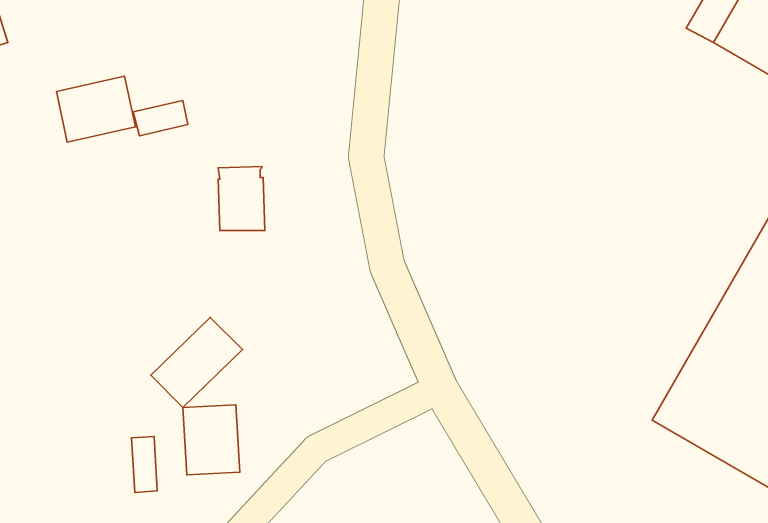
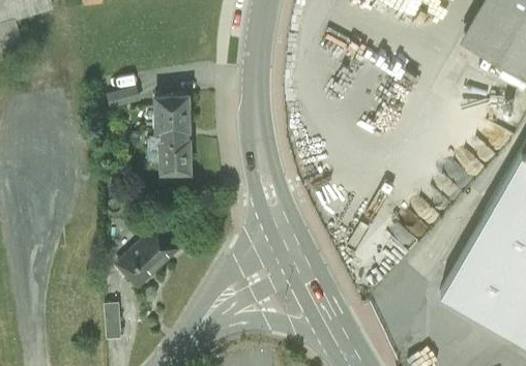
building: [56,76,135,142] -> none
building: none -> [154,98,188,134]
building: [183,405,240,475] -> none

